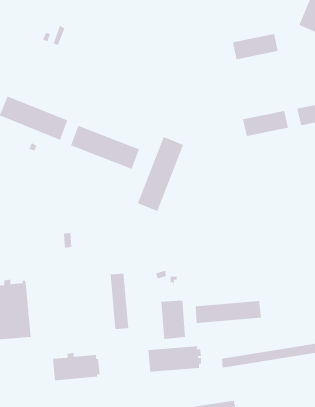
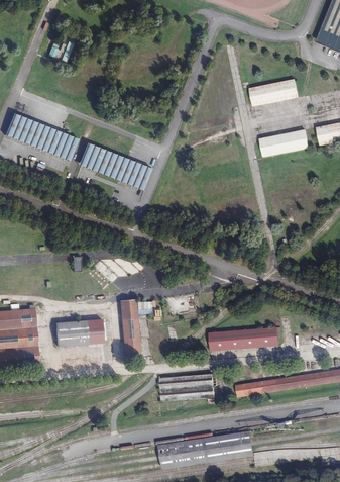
building: [232,34,279,60] -> [248,79,297,106]
building: [137,136,184,212] -> none
building: [161,300,185,340] -> none
building: [52,353,101,381] -> [54,316,105,346]

